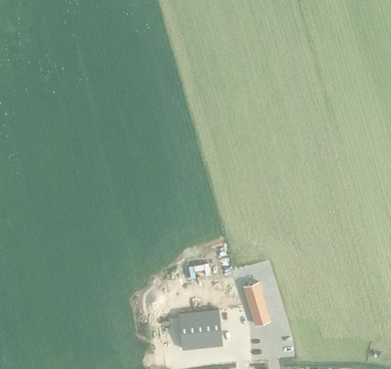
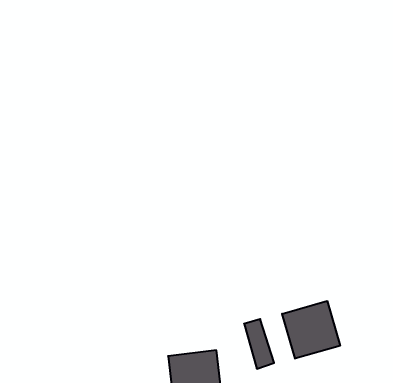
building: none -> [282,301,340,359]

